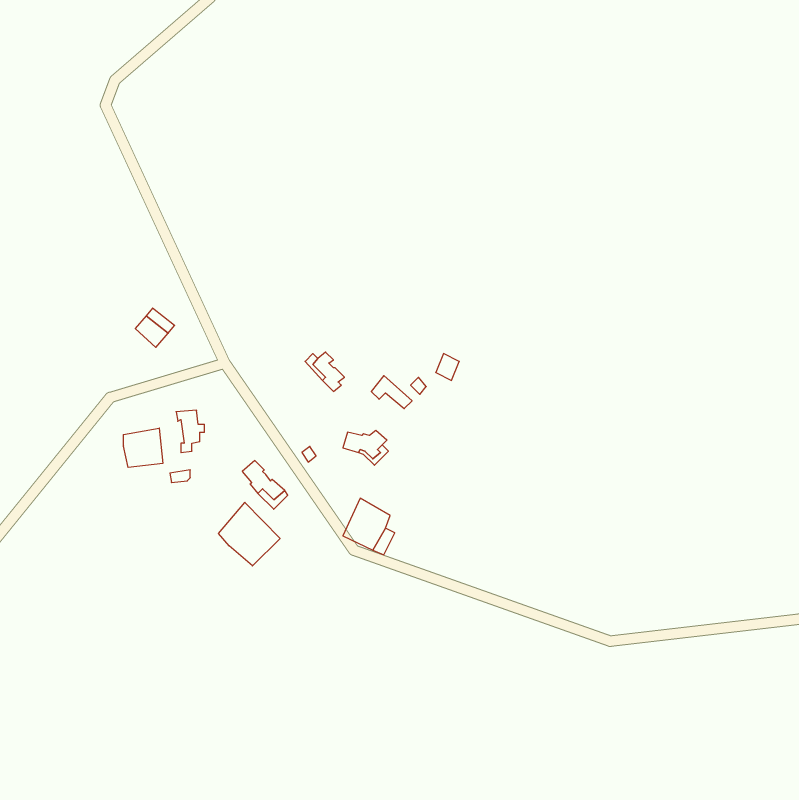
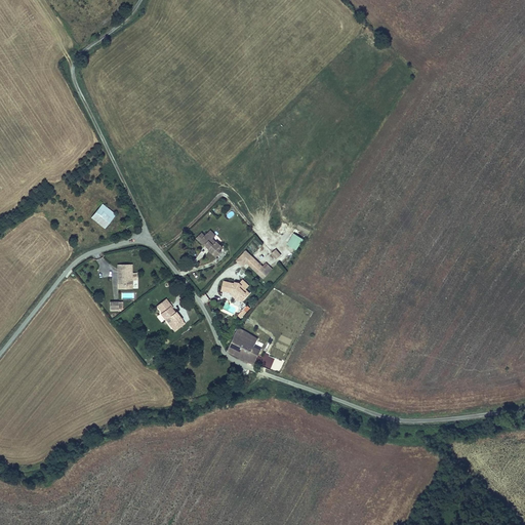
building: [123,428,163,467] -> none
building: [219,502,280,566] -> none

